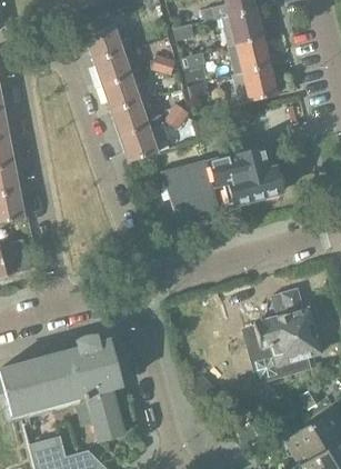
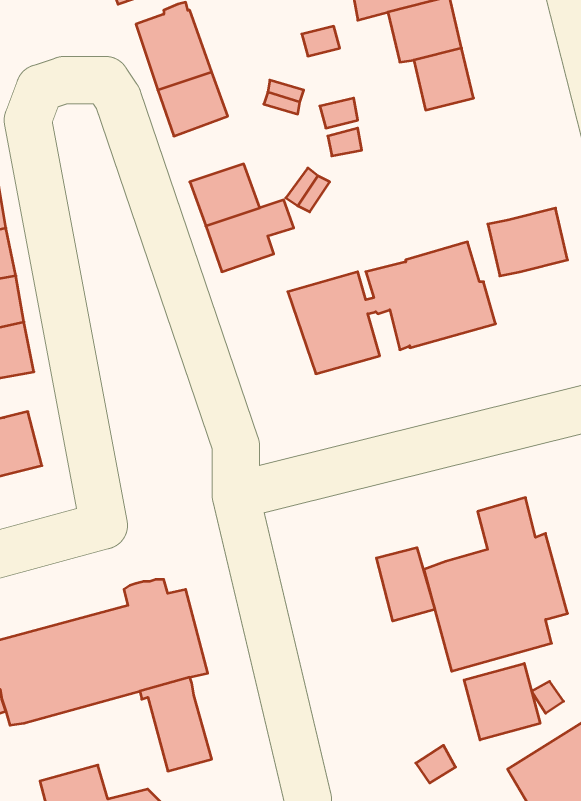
building: [231,64,275,102] -> [488,208,568,276]
building: [102,74,141,111] -> none
building: none -> [376,548,435,621]
building: none -> [464,663,540,740]

